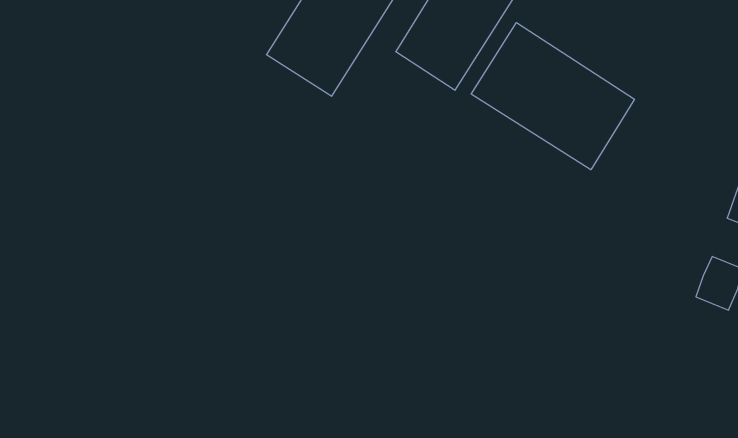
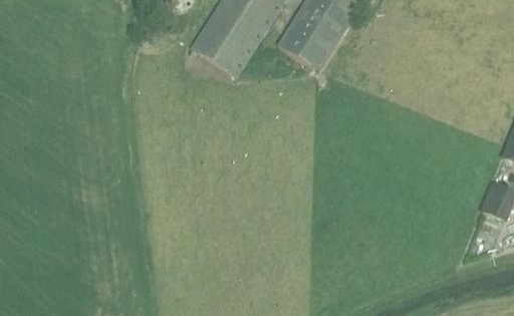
building: [471,23,634,170] -> none

